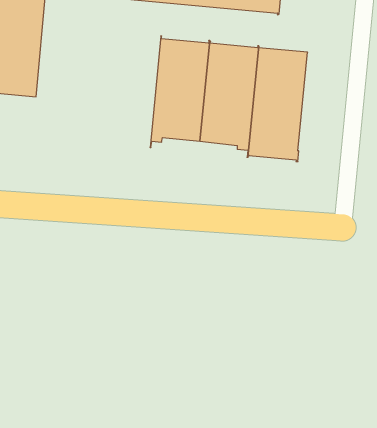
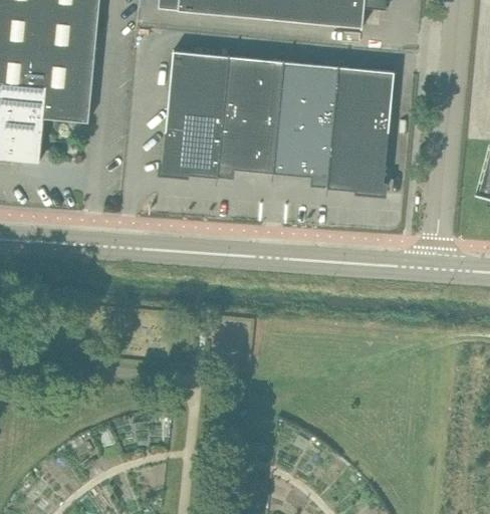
building: none -> [161,50,229,178]

